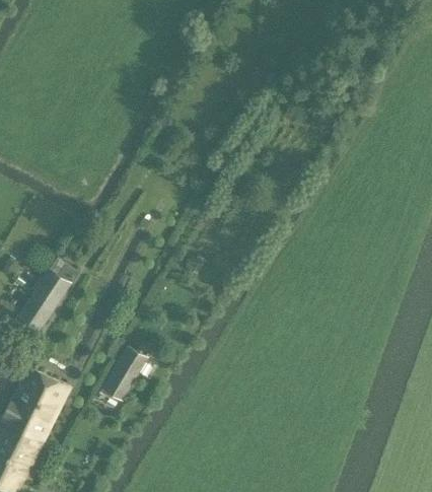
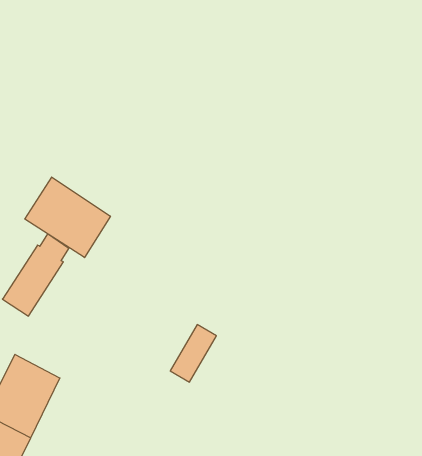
building: none -> [25,177,110,258]
building: [104,349,146,401] -> [170,325,216,382]

